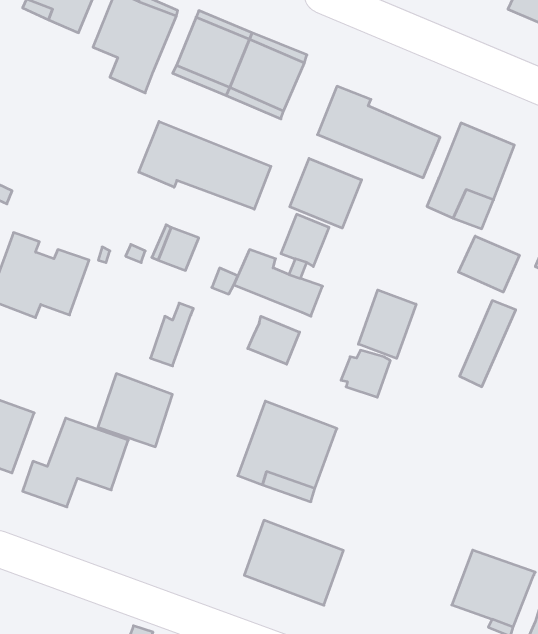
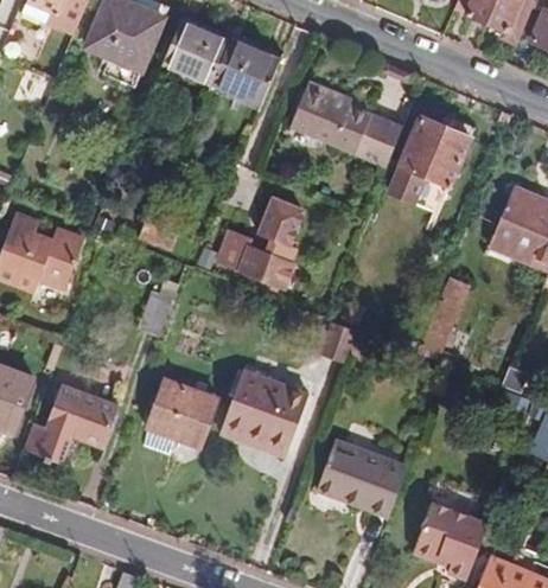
building: [139,121,271,209] -> none
building: [290,158,362,228] -> none
building: [458,236,519,292] -> none
building: [358,290,416,358] -> none
building: [248,316,300,364] -> none
building: [98,374,172,447] -> [148,379,216,446]
building: [244,520,343,605] -> [317,440,407,517]

